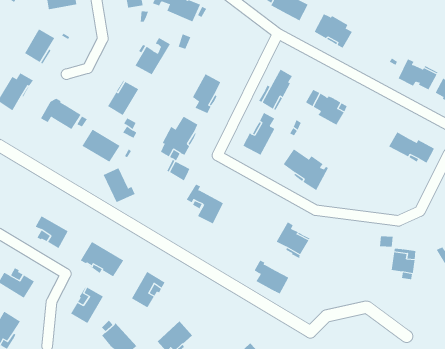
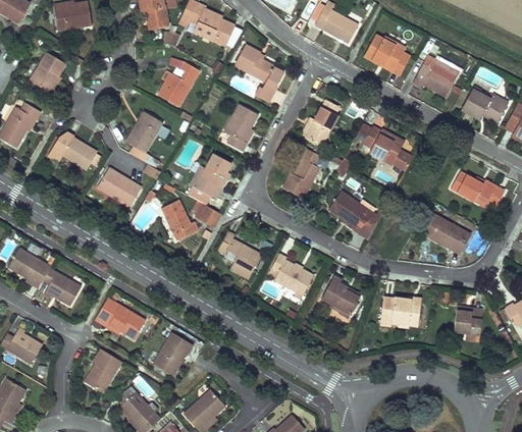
building: none -> [234,45,284,102]
building: none -> [413,48,460,97]
building: [103,168,136,203] -> [161,200,199,240]
building: none -> [423,214,471,254]
building: none -> [8,248,51,288]
building: none -> [380,298,421,326]
building: [254,260,289,294] -> [272,255,313,294]

